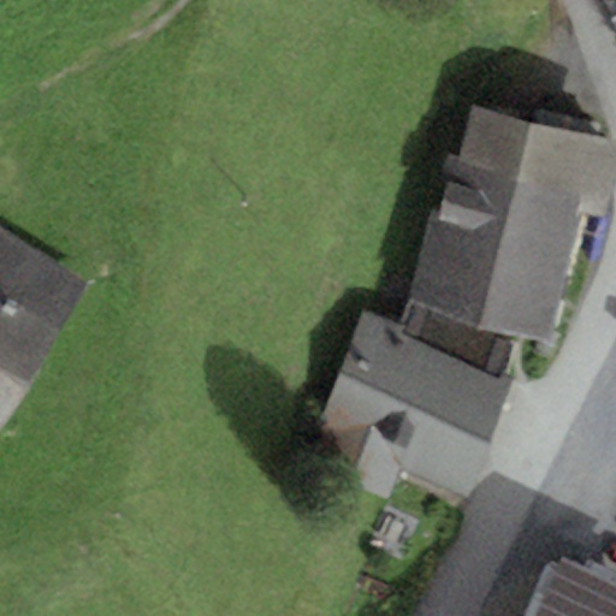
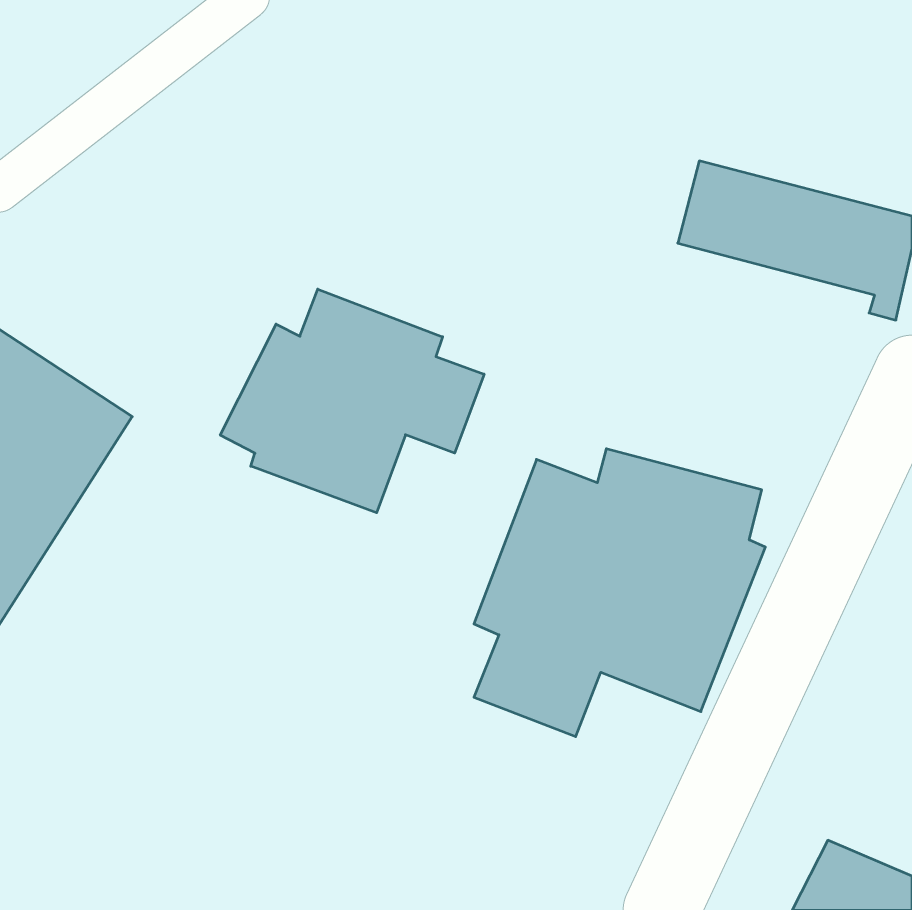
building: [408,161,588,339] -> none
building: none -> [220,289,484,513]

